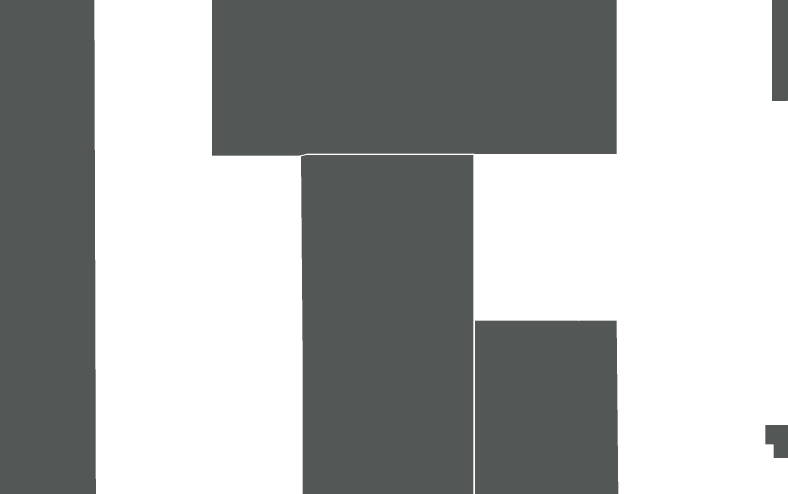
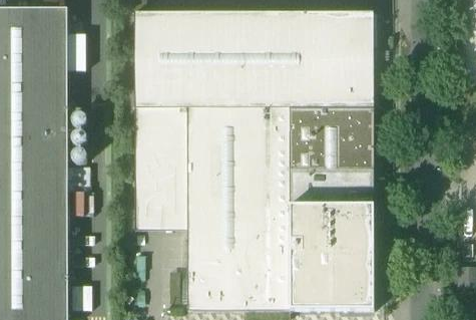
building: none -> [290,106,374,204]
building: none -> [135,107,188,228]

